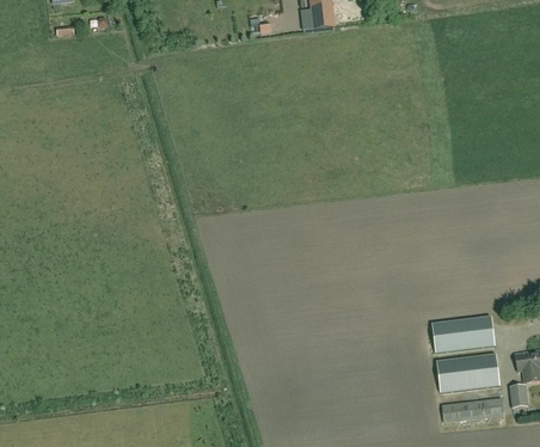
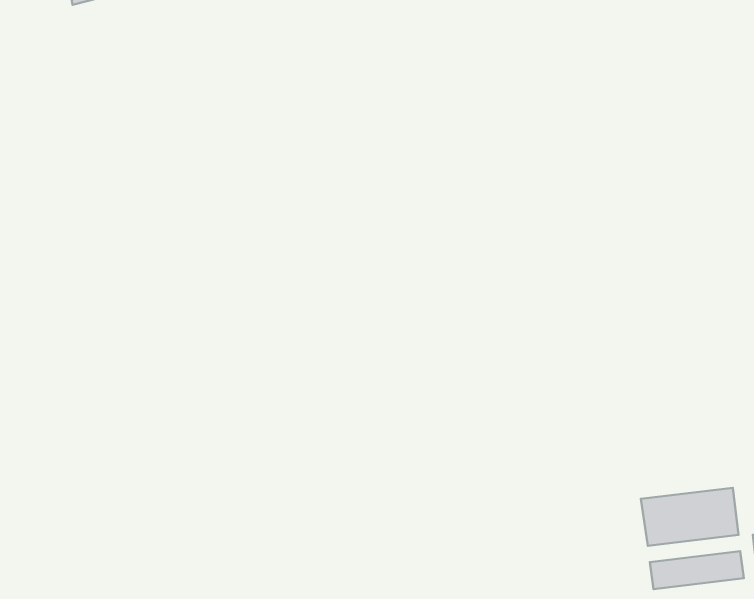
building: [431,316,495,353] -> none

